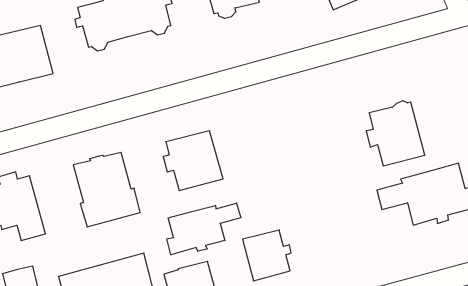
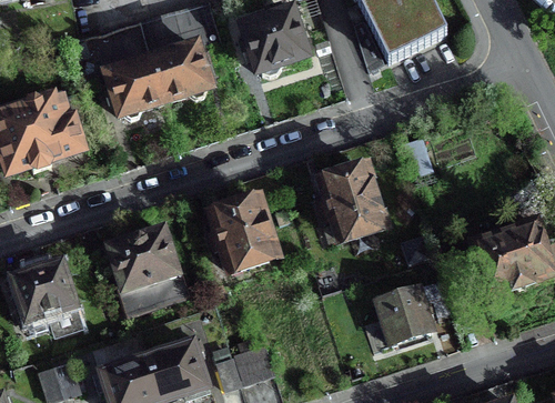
building: [366,101,425,166] -> [319,164,385,238]
building: [167,203,241,255] -> none
building: [243,230,291,281] -> [377,284,432,342]

